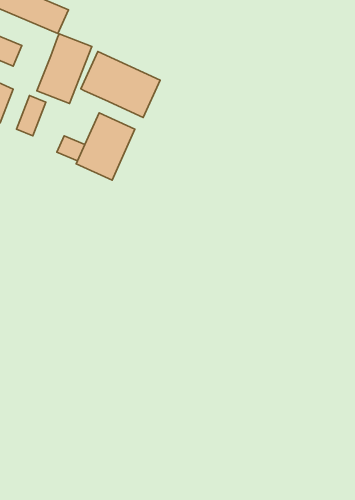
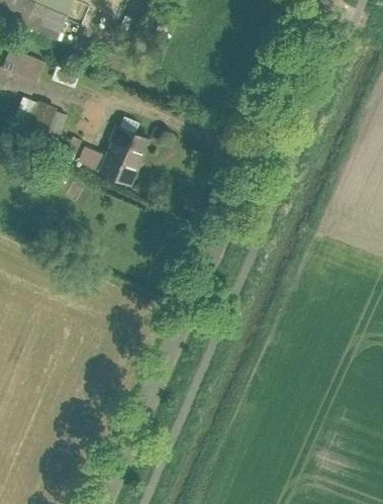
building: [37,34,92,104] -> none
building: [81,51,160,117] -> none

